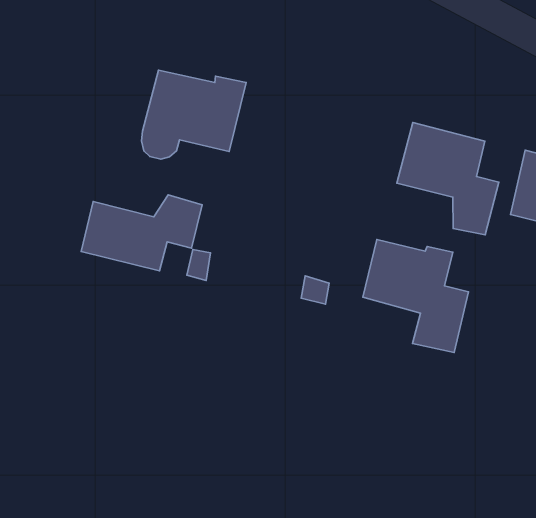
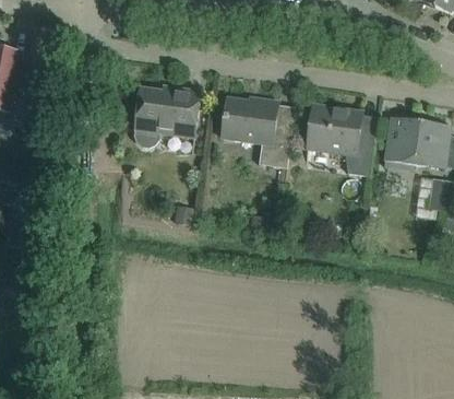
building: [81,195,202,271] -> none
building: [363,240,469,353] -> [222,97,291,167]

